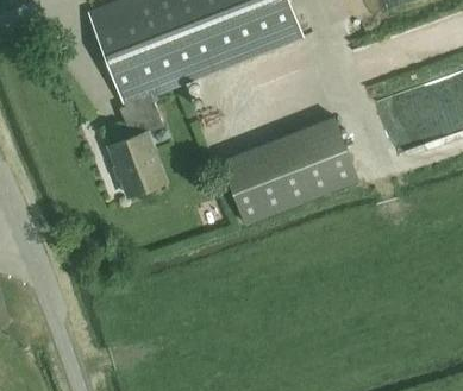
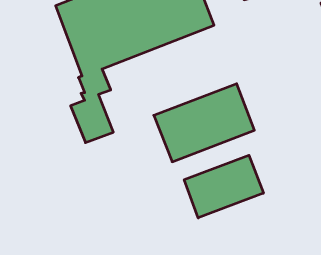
building: none -> [184,155,263,218]

